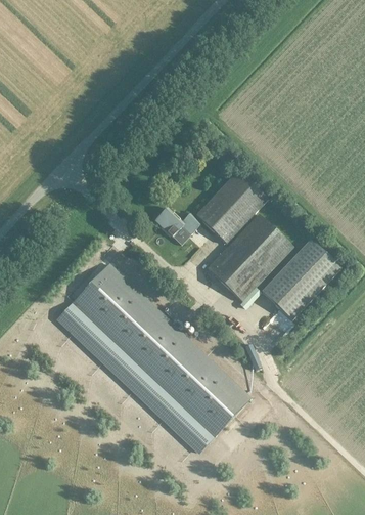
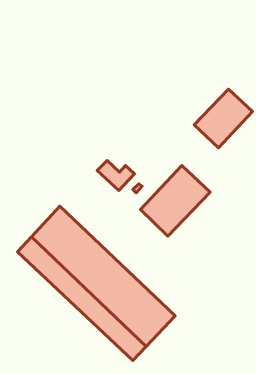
building: [196,170,268,243] -> [194,89,252,148]
building: [262,239,340,318] -> none

